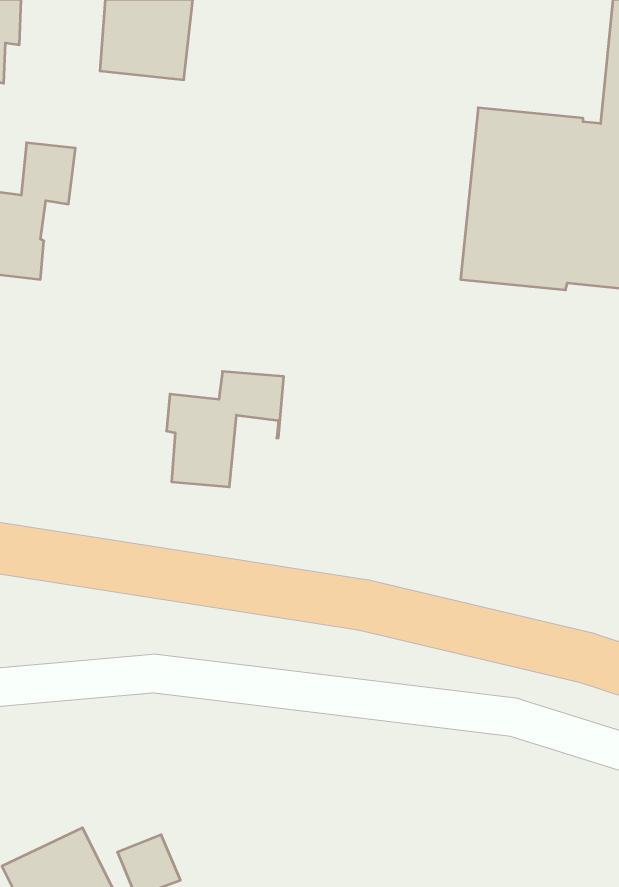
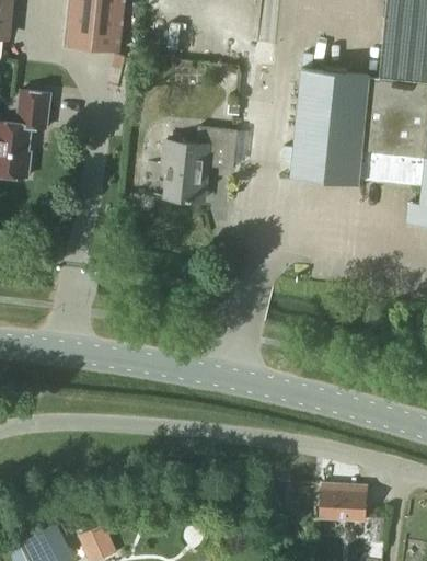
building: [166,371,284,487] -> [163,127,236,199]
building: none -> [319,483,368,520]

